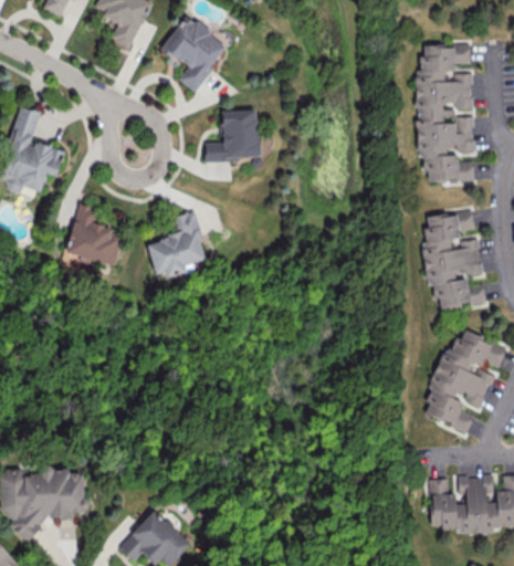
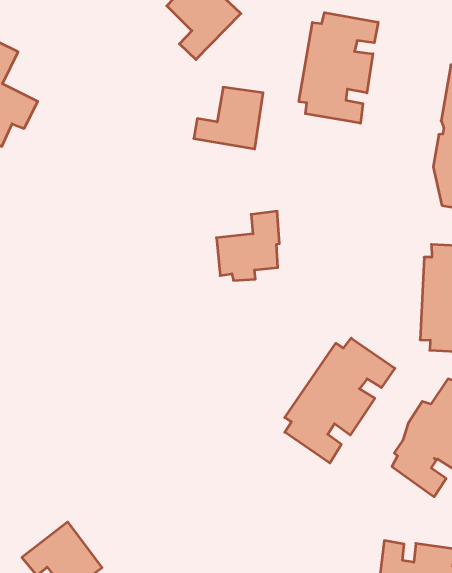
building: none -> [299,13,378,123]
building: [66,205,123,268] -> none
building: [147,211,204,277] -> [216,211,279,280]
building: none -> [285,338,395,463]

